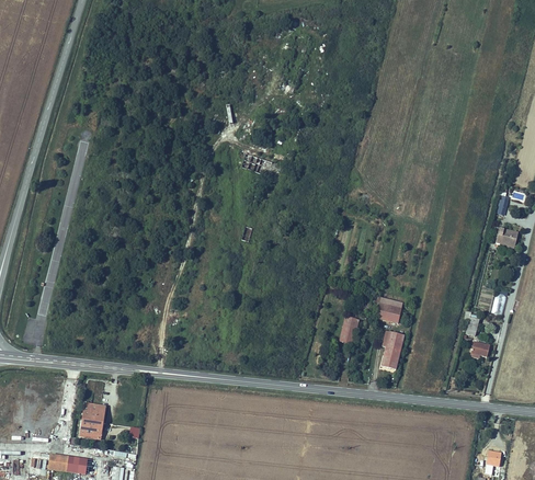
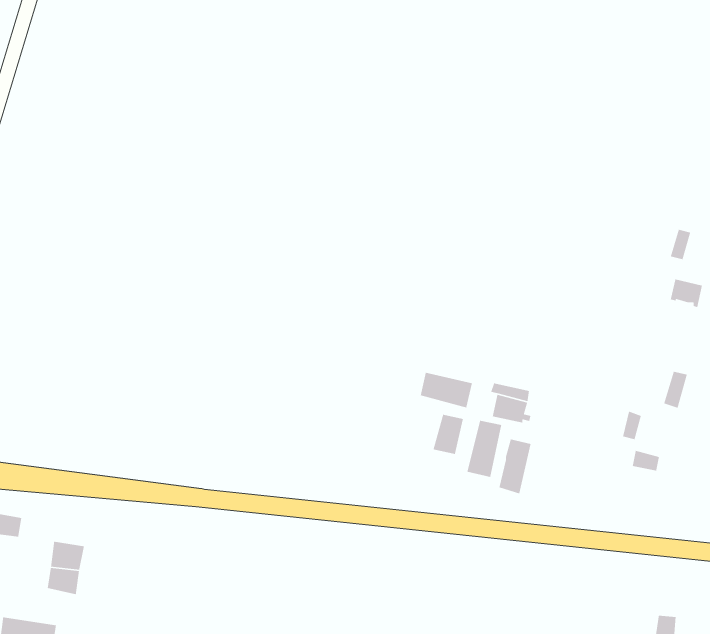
building: none -> [420,372,473,408]
building: none -> [466,420,502,478]

